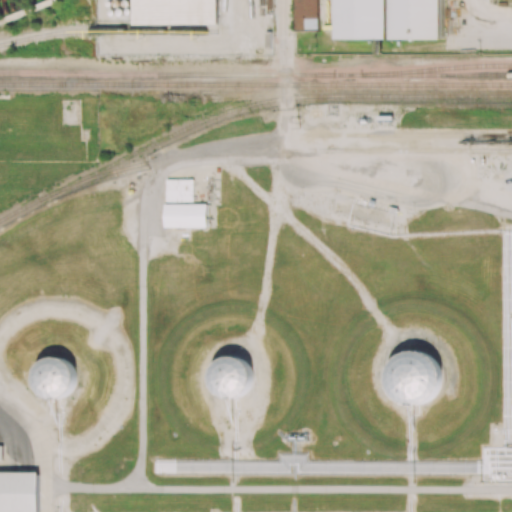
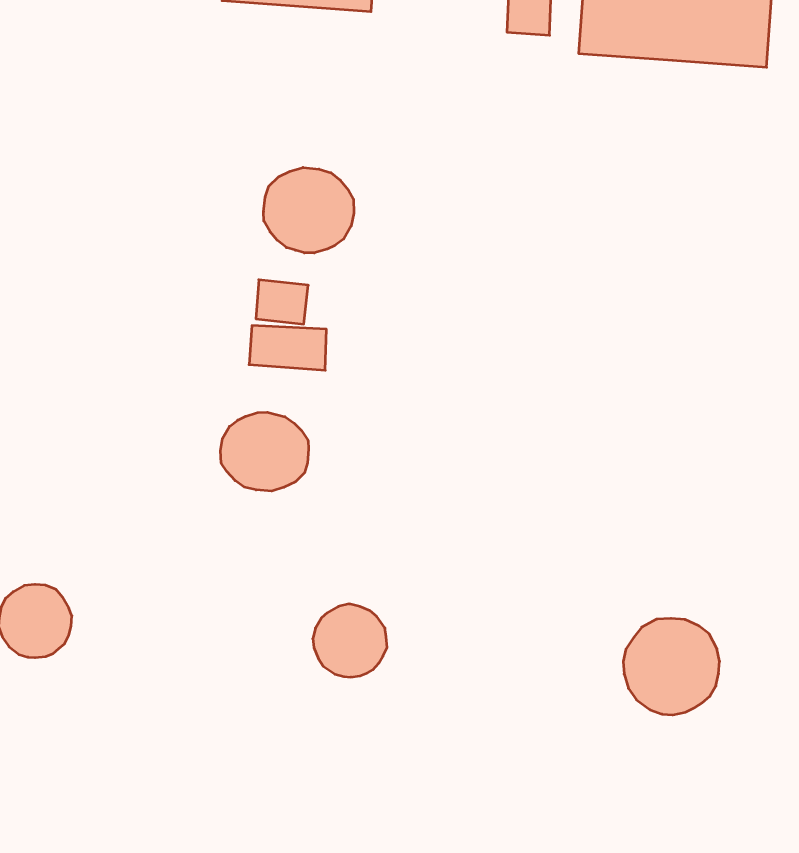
building: none -> [264,167,354,253]
building: none -> [220,412,309,491]

